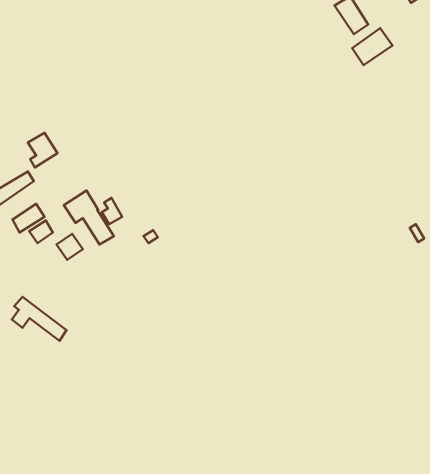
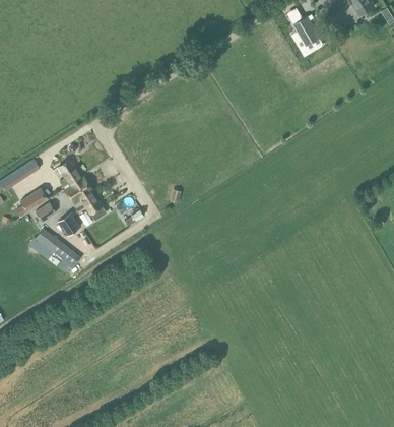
building: [352,28,392,65] -> none
building: [28,133,58,168] -> [59,159,84,188]
building: [12,297,67,341] -> [34,230,80,267]

